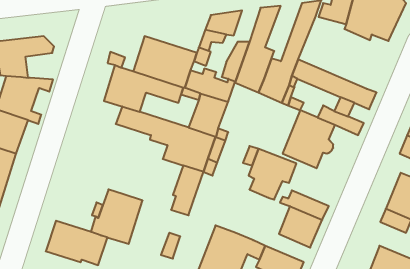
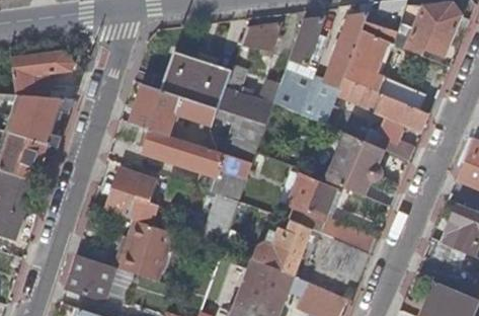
building: none -> [343,29,424,109]
building: none -> [107,168,157,225]
building: none -> [252,220,311,275]

